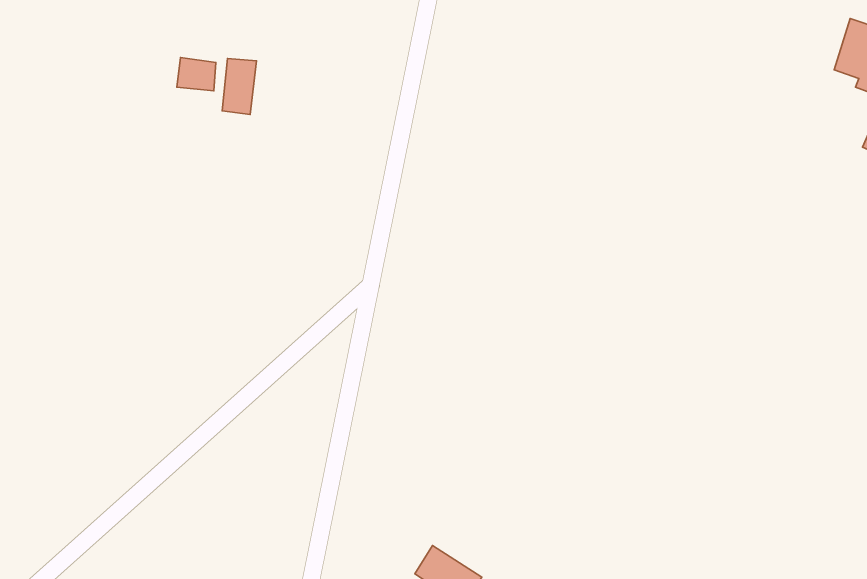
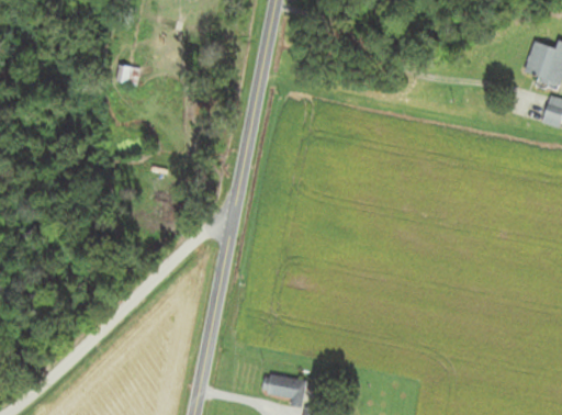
building: [222,58,256,114] -> none

